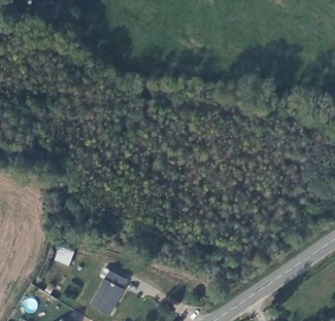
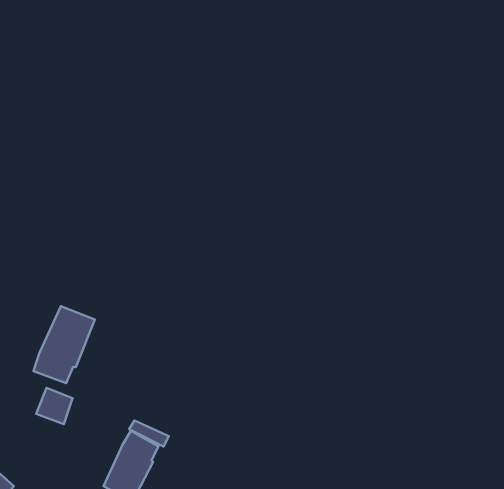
building: none -> [33,306,95,383]

